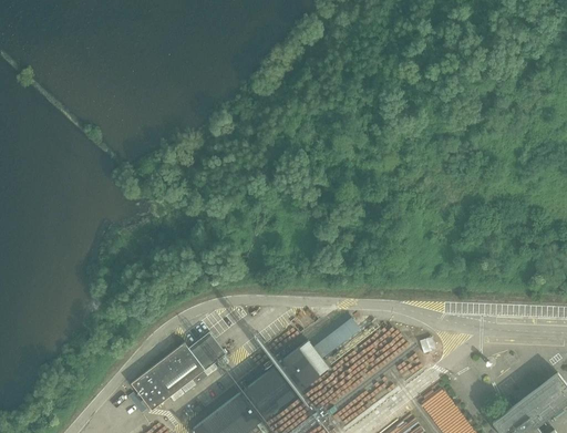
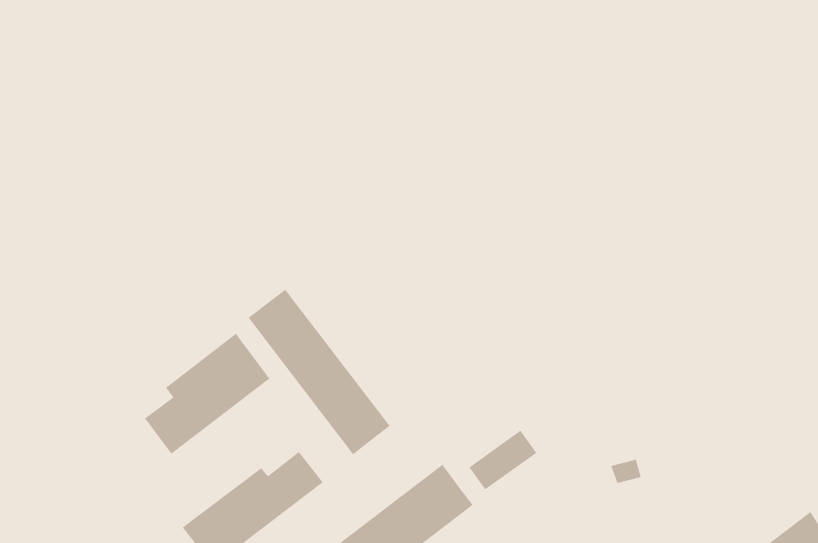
building: none -> [248,289,390,455]
building: none -> [144,333,270,455]

